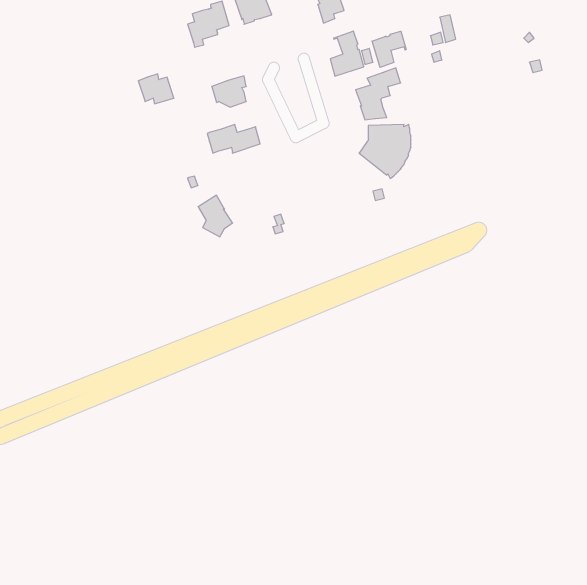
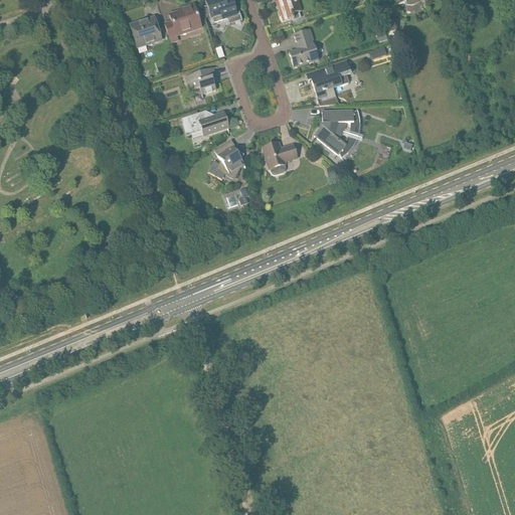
building: [372,31,406,67] -> none
building: [138,74,174,104] -> [131,17,162,43]
building: none -> [264,141,298,173]
building: [198,195,233,237] -> [215,139,245,175]

